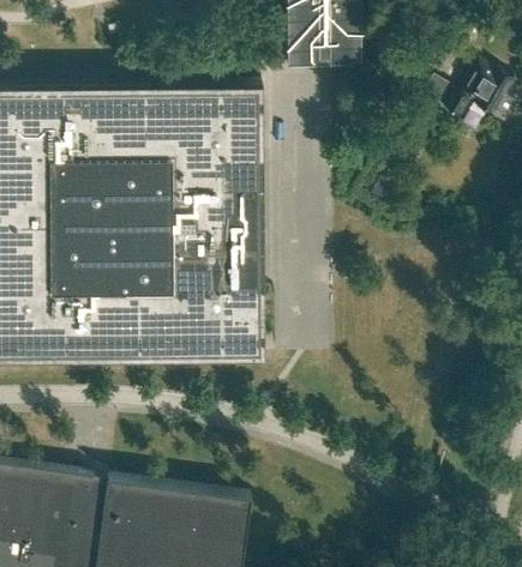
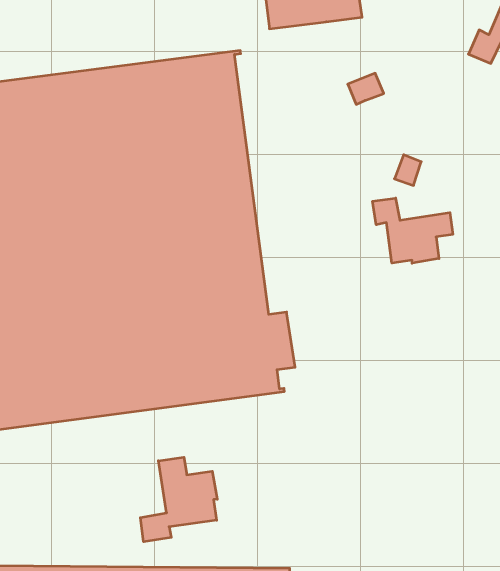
building: none -> [373,198,453,263]
building: none -> [140,457,217,542]

